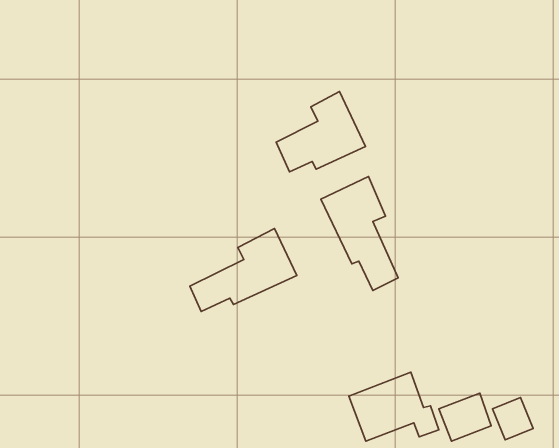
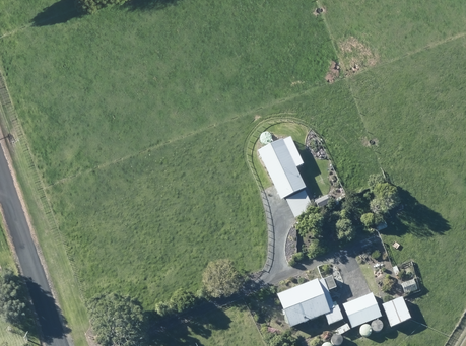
building: [276,91,366,172] -> none
building: [190,228,297,311] -> none

